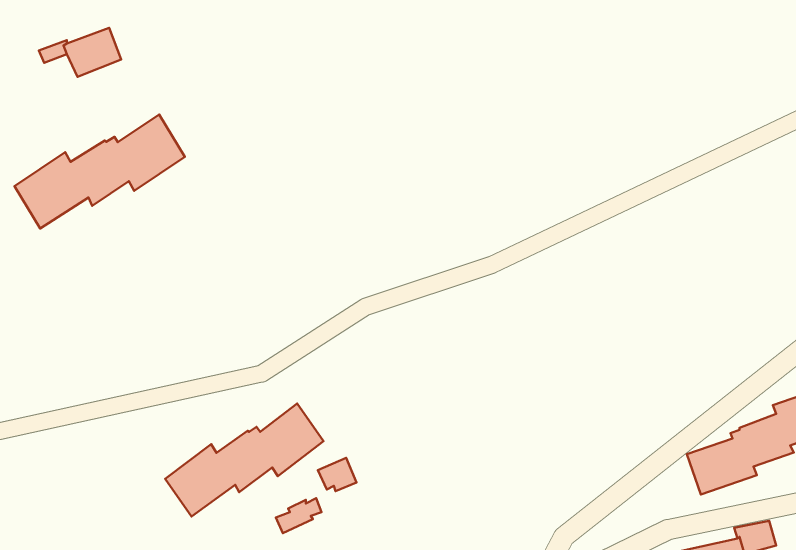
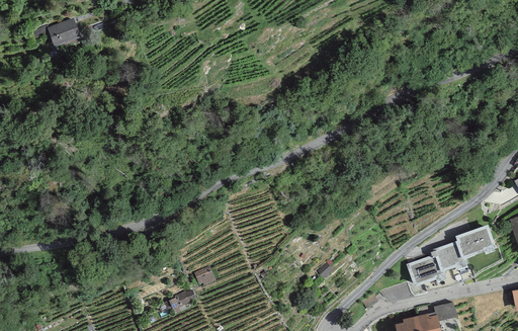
building: [15,115,185,228] -> none
building: [165,404,323,517] -> none

